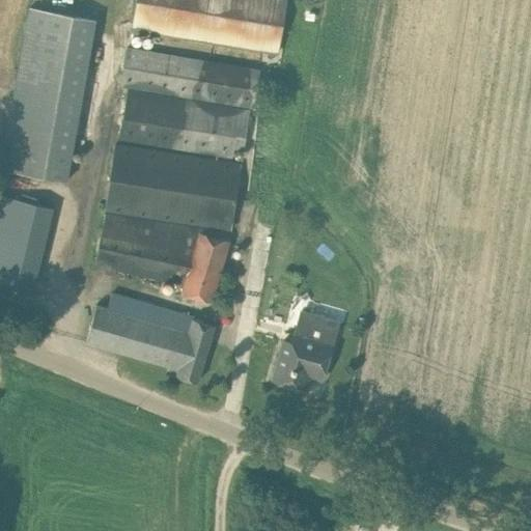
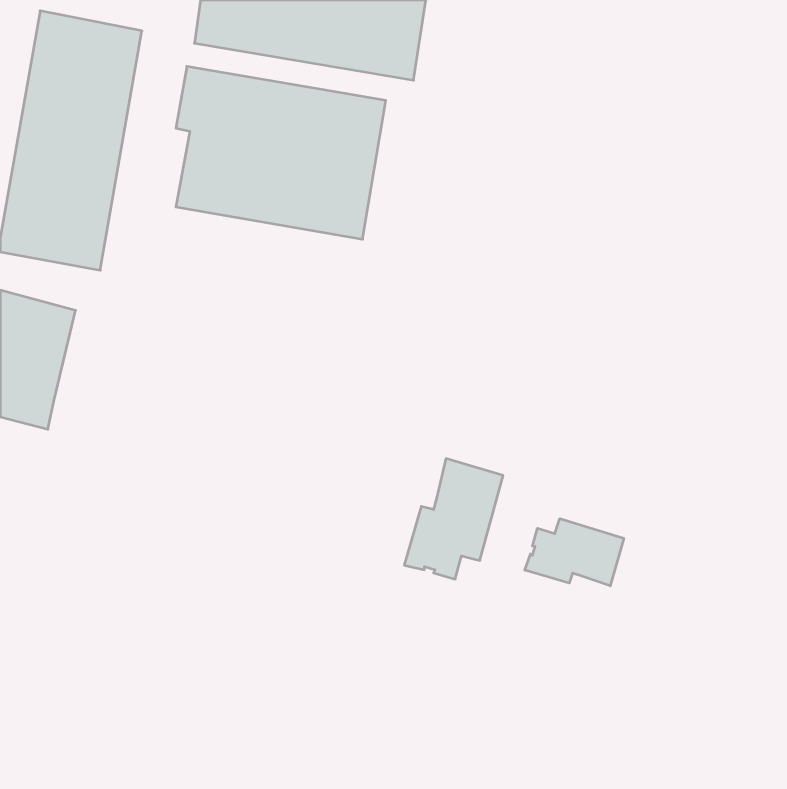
building: [96,144,242,305] -> none
building: [86,292,215,382] -> none
building: none -> [525,519,624,586]

